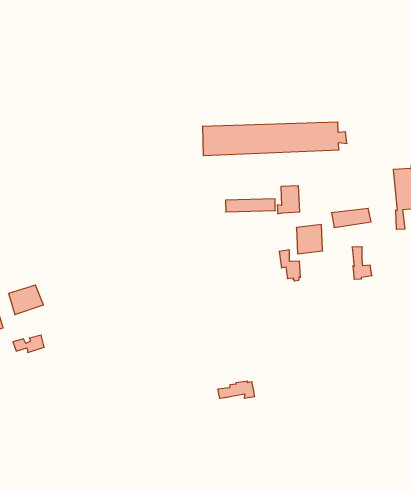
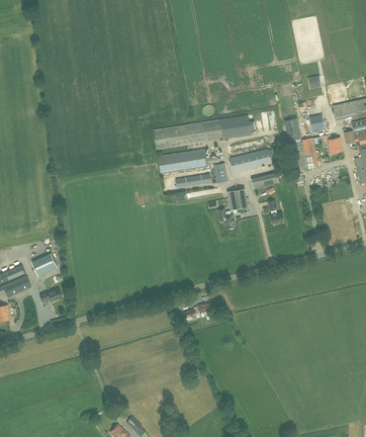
building: none -> [157,148,217,173]
building: none -> [230,148,271,172]

